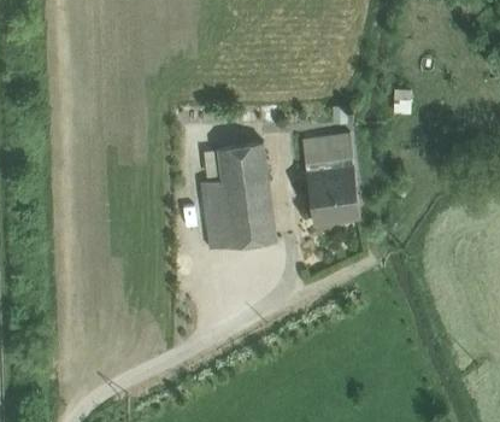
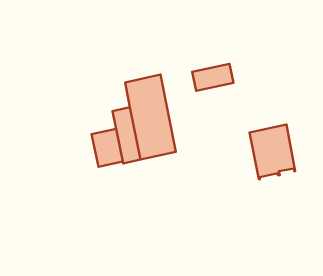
building: [306,159,360,225] -> [249,124,295,179]
building: none -> [92,129,123,167]

